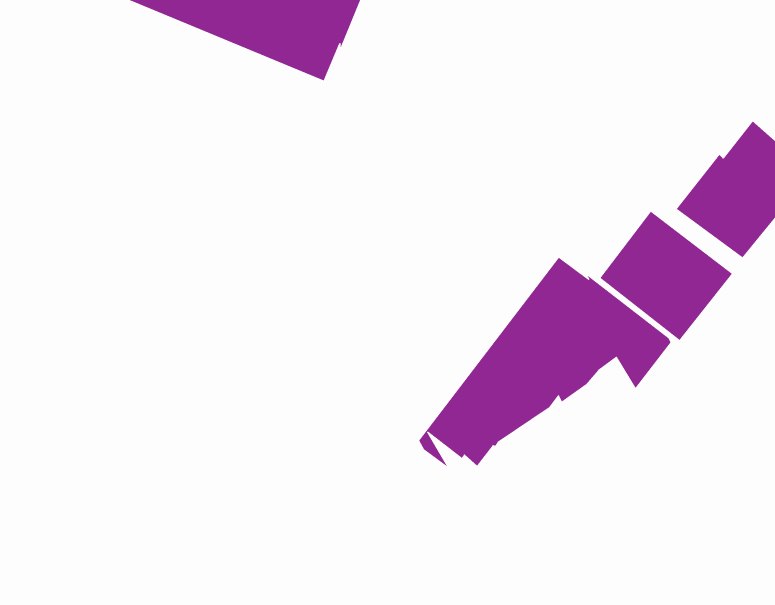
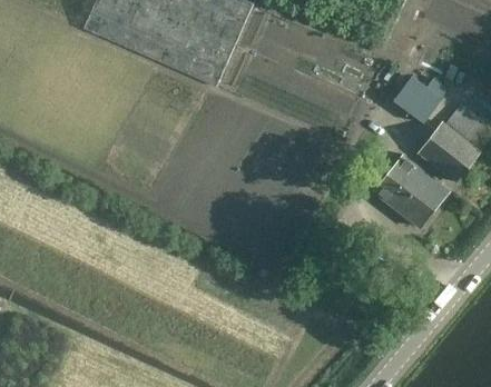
building: none -> [392,76,441,122]
building: [419,257,671,469] -> none

